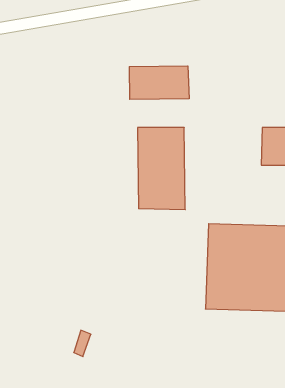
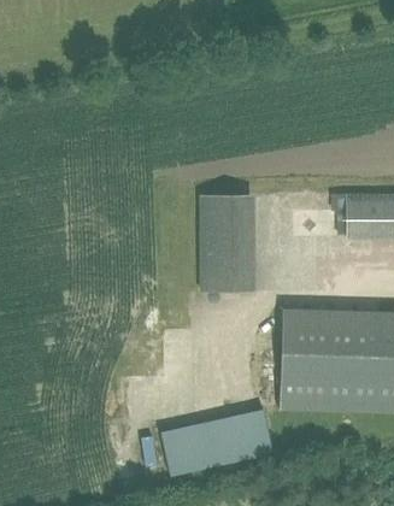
building: [129,66,189,99] -> none
building: none -> [159,408,274,476]

